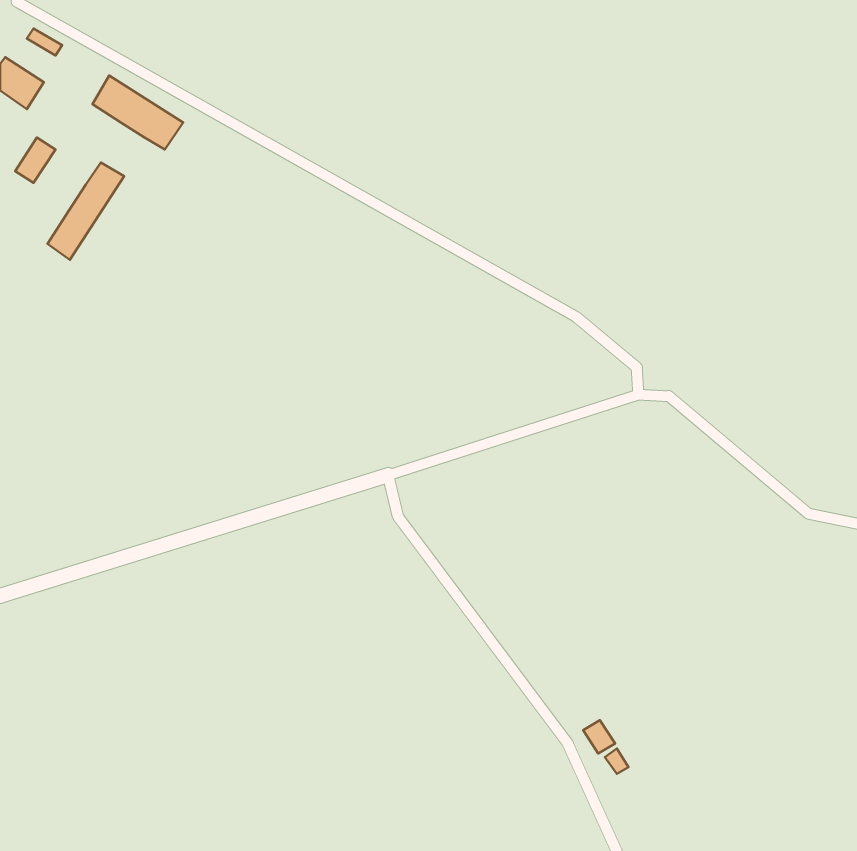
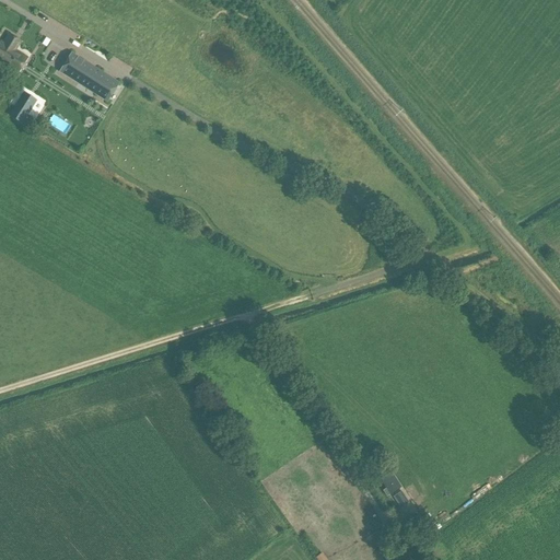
building: [47,163,124,260] -> none

